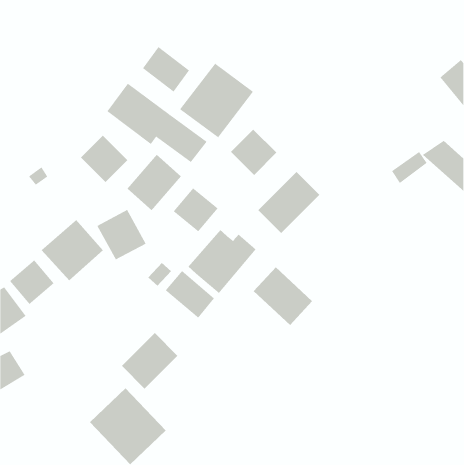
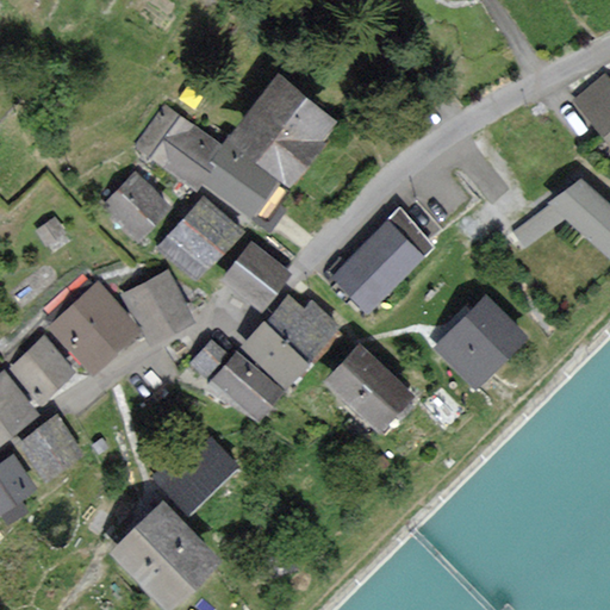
building: [142,46,190,92] -> none
building: [230,129,277,176] -> none
building: none -> [440,301,523,385]
building: none -> [23,421,81,478]

